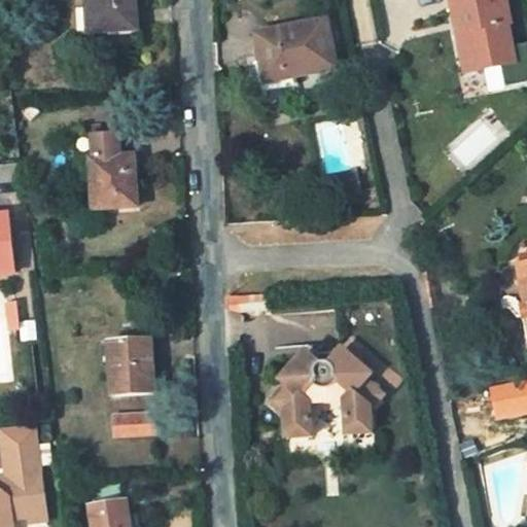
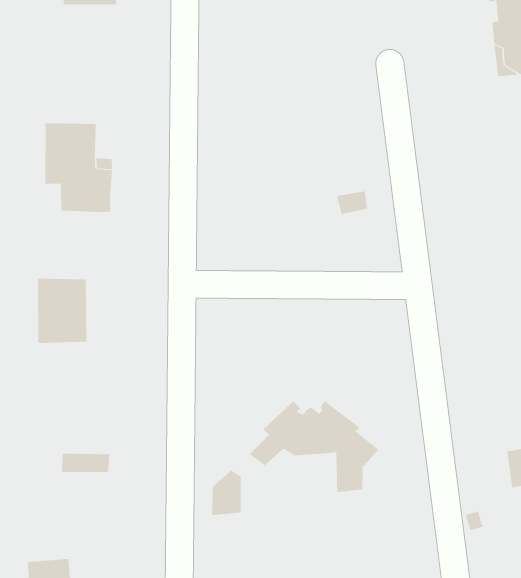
building: [255,19,331,83] -> none
building: [107,338,153,395] -> [37,278,87,343]
building: [286,397,313,437] -> [211,470,242,516]

